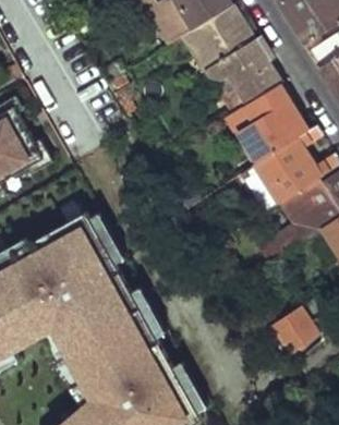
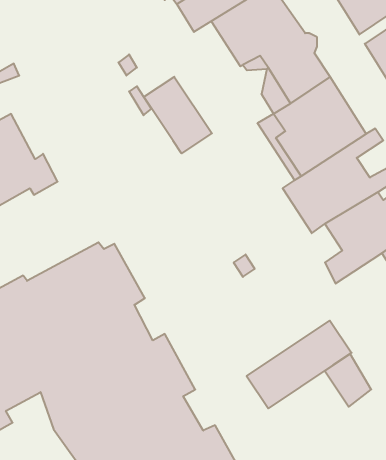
building: none -> [144,77,212,153]
building: none -> [247,321,352,408]

